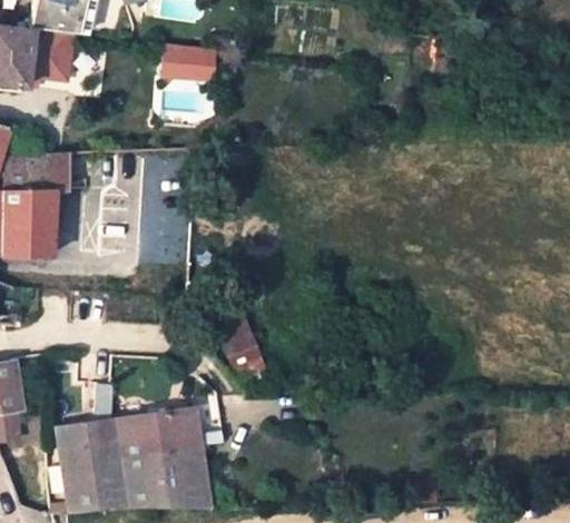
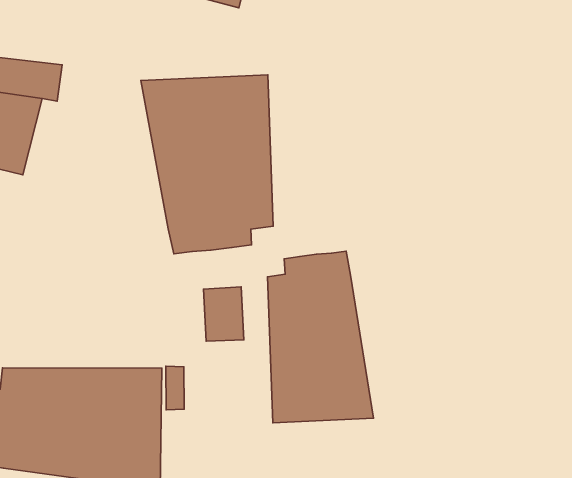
building: none -> [141,75,273,254]
building: none -> [267,251,374,423]

